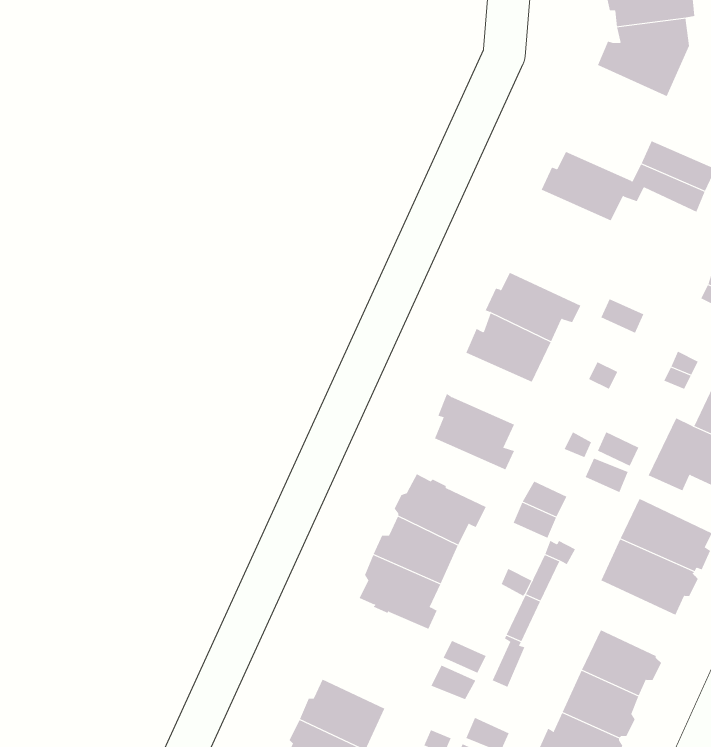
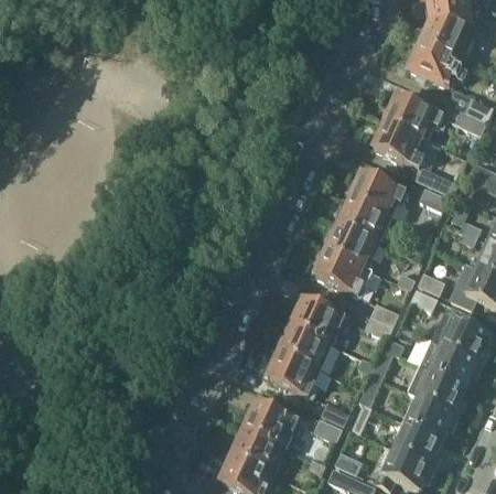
building: none -> [408,42,461,89]
building: none -> [373,120,457,196]
building: none -> [325,223,376,268]
building: none -> [408,366,466,414]
building: none -> [242,402,300,447]

